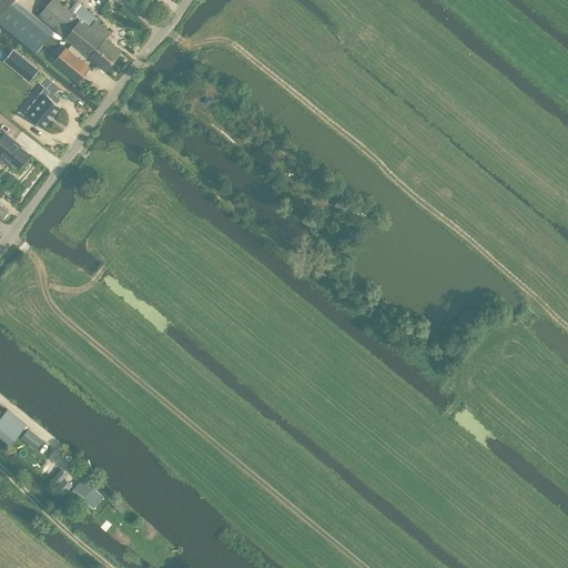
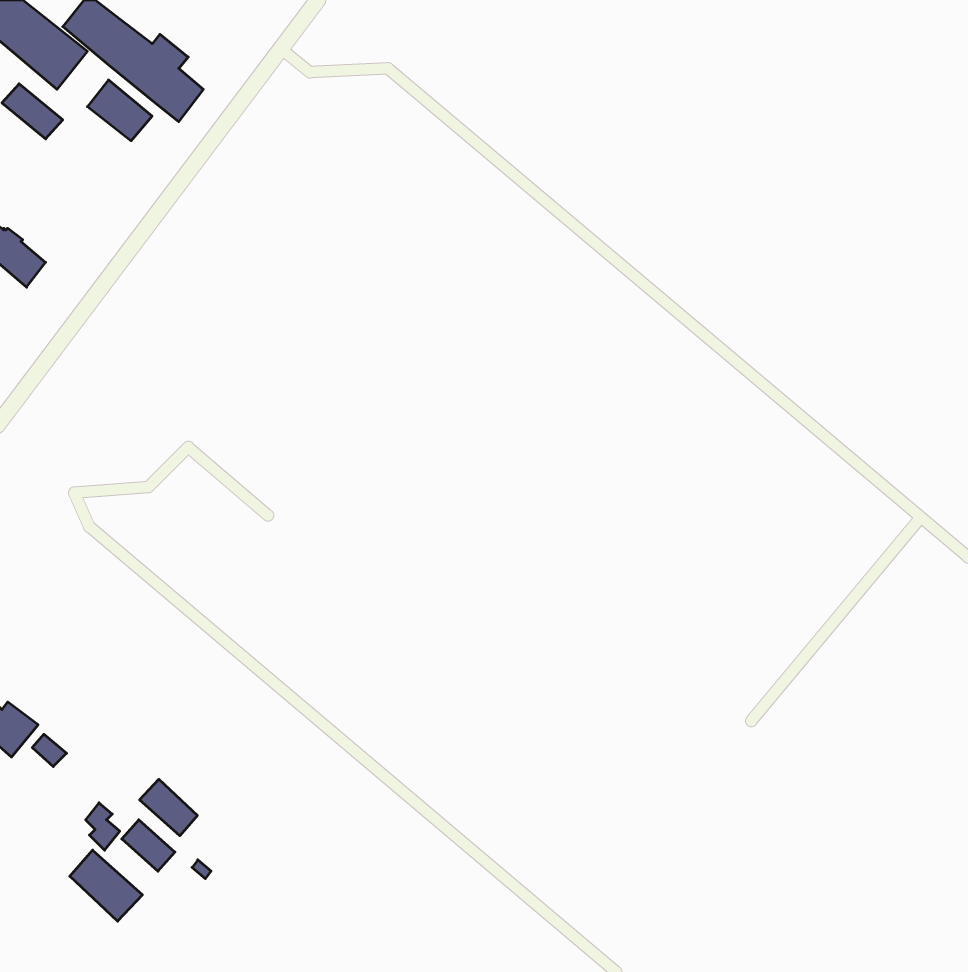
building: [26,77,59,129] -> none
building: none -> [140,779,197,836]
building: none -> [70,850,142,921]

